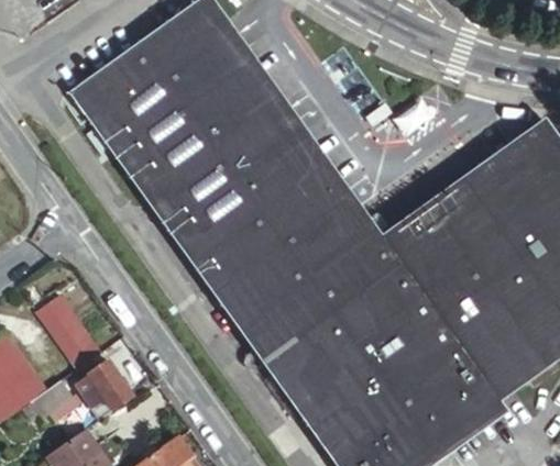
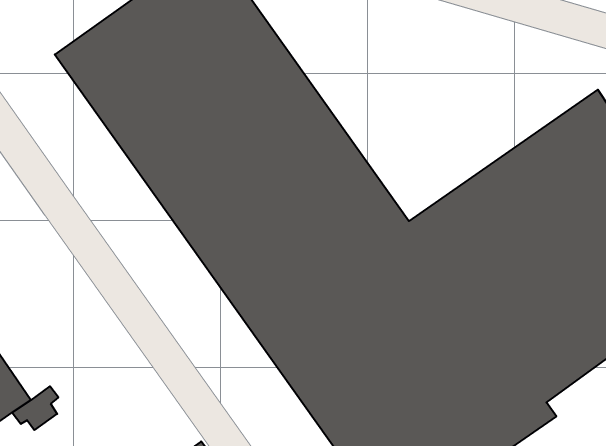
building: [44,299,105,368] -> none
building: [80,360,139,420] -> none

